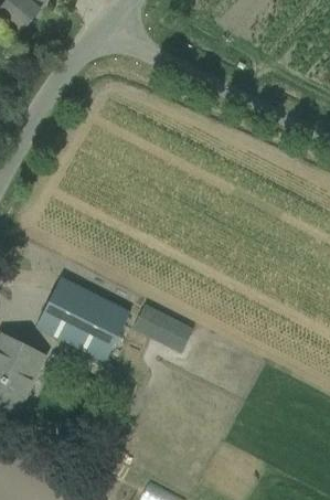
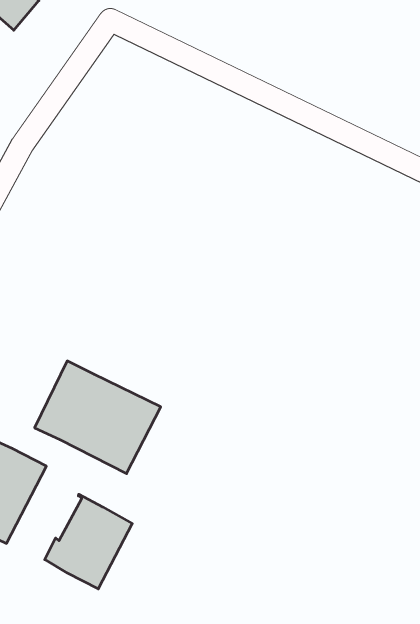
building: [132,302,193,351] -> none
building: none -> [45,494,132,589]

